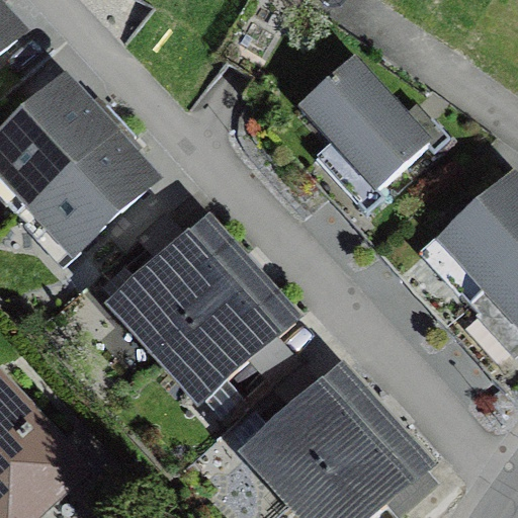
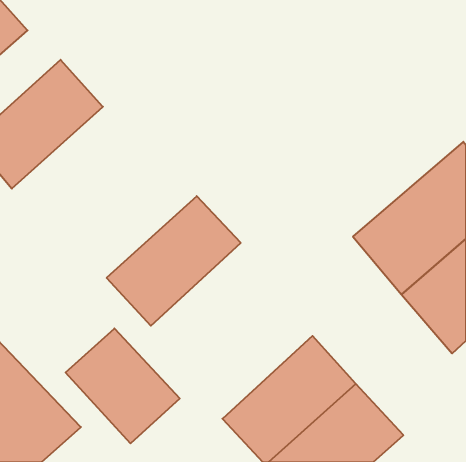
building: [291,61,416,186] -> none
building: [13,117,166,266] -> none
building: [166,267,317,415] -> none
building: none -> [66,328,180,443]

